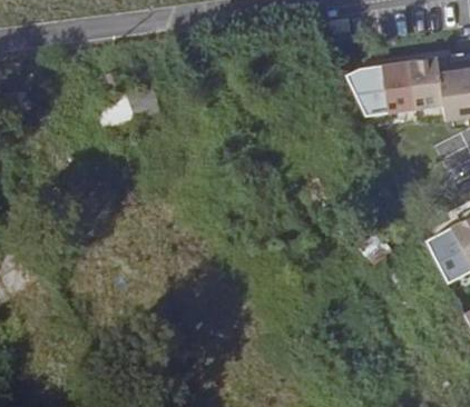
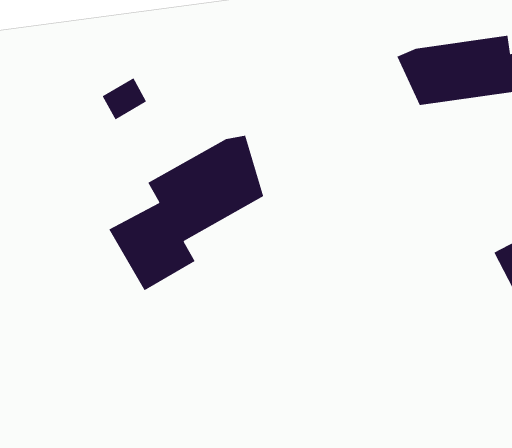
building: none -> [109,135,264,291]

